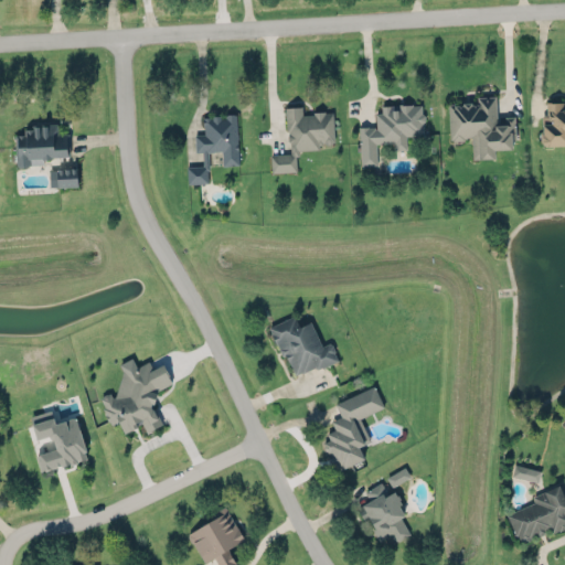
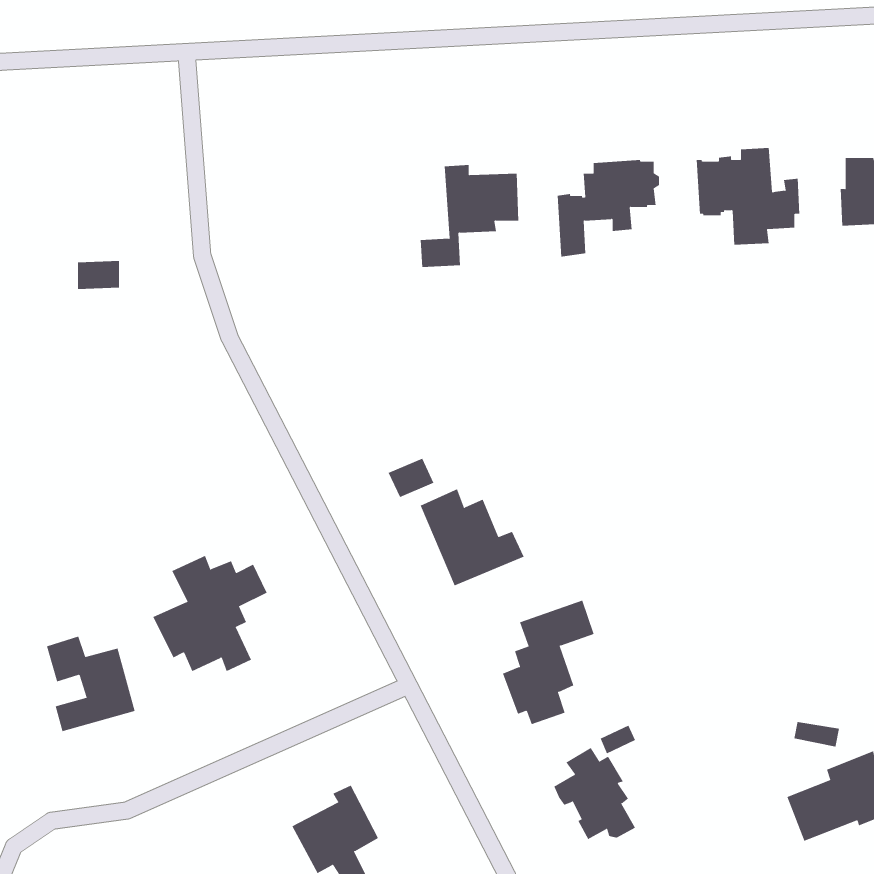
building: [188,116,239,184] -> none
building: [15,122,70,167] -> none
building: none -> [388,458,434,498]

